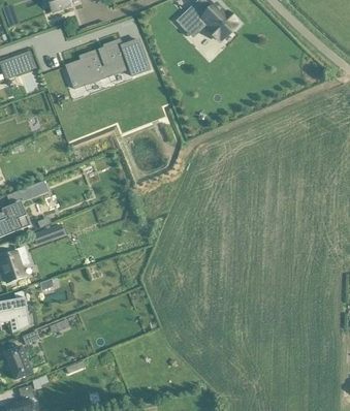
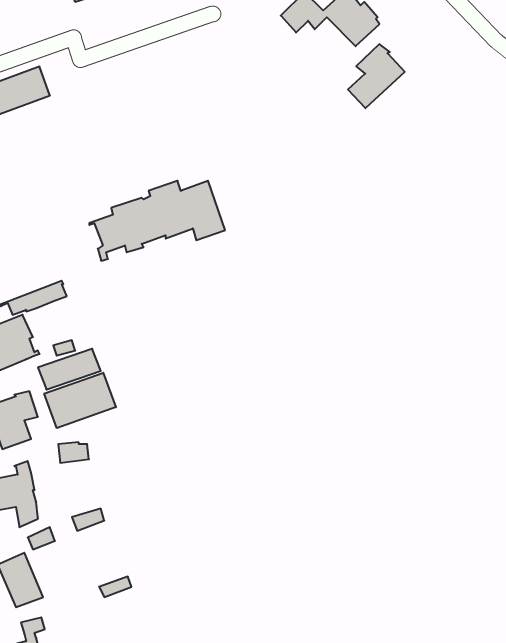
building: none -> [348,44,405,108]
building: [66,39,149,88] -> [89,181,225,261]
building: none -> [44,373,116,428]

